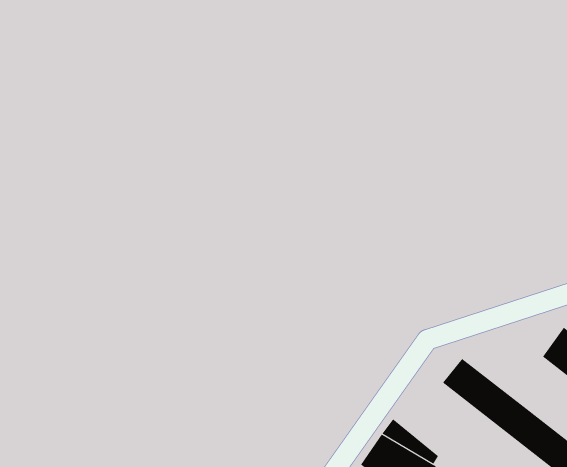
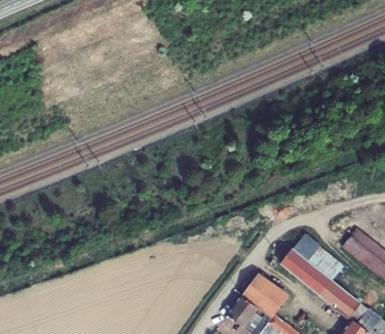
building: none -> [292,234,343,280]
building: none -> [248,273,287,309]

